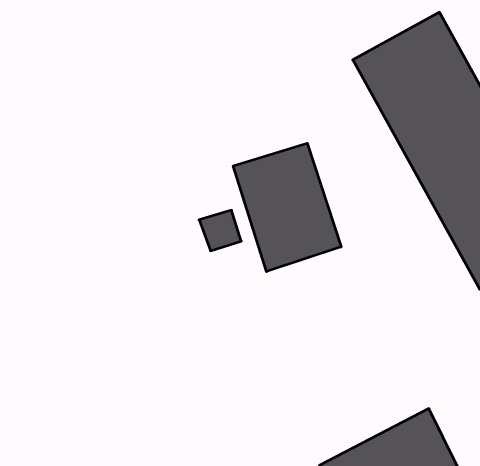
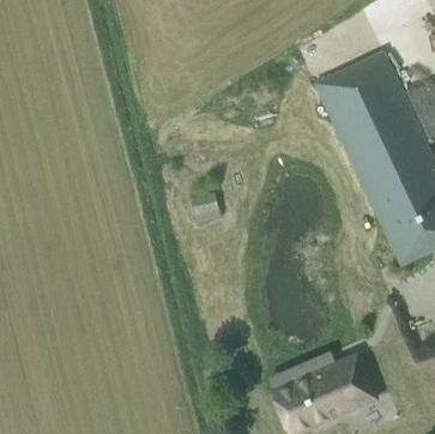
building: [233,143,341,272] -> none

